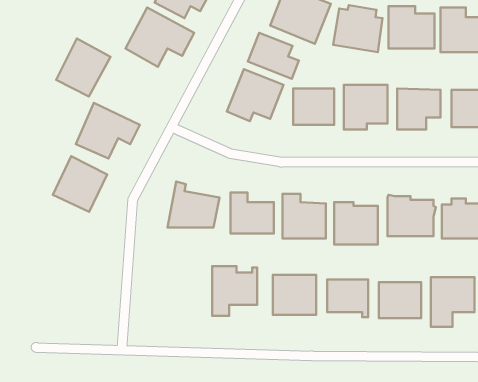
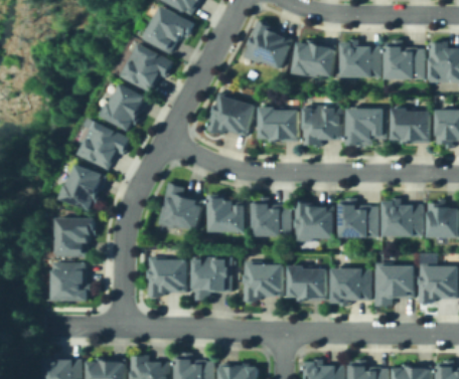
building: [248,33,299,79] -> none
building: [56,39,111,97] -> [101,83,146,132]
building: none -> [57,219,95,255]
building: none -> [147,258,185,299]
building: none -> [51,263,92,303]

